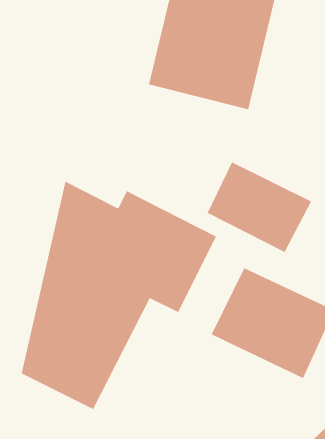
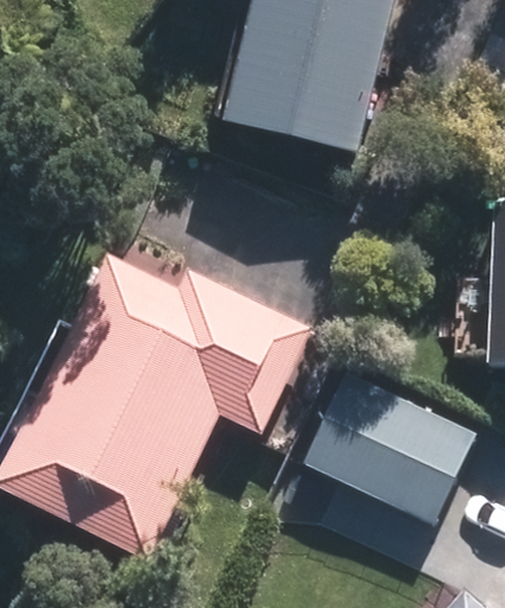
building: [207,161,312,253] -> none

